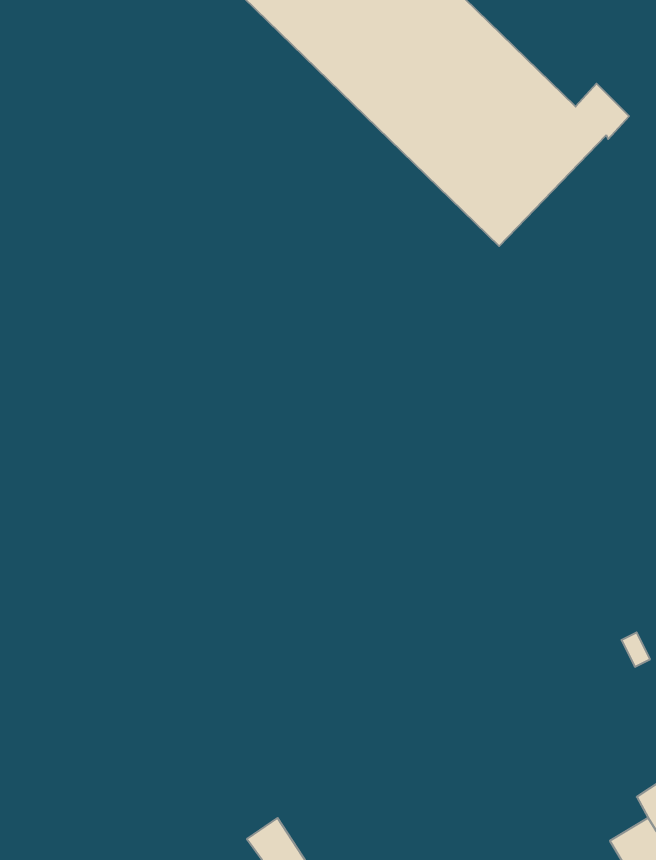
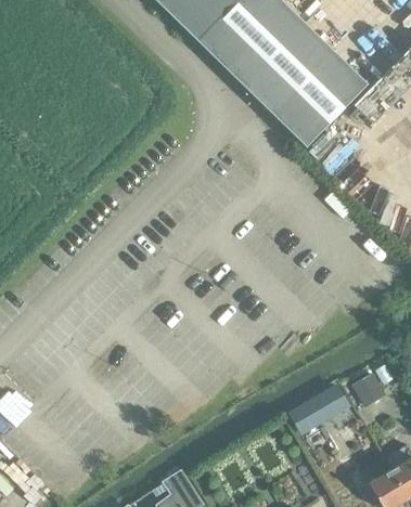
building: none -> [351,372,386,406]
building: none -> [288,382,351,434]

